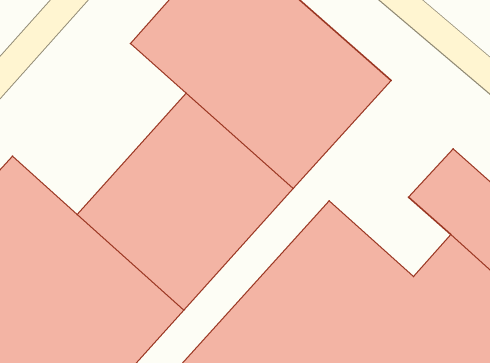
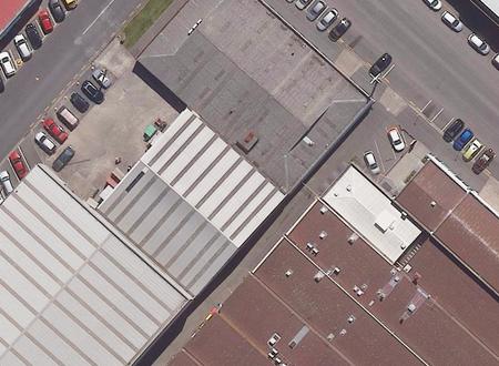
building: none -> [322,169,422,265]

